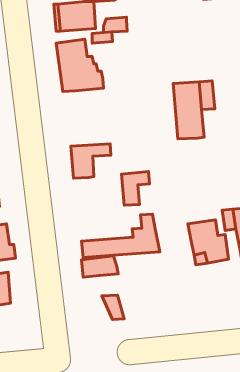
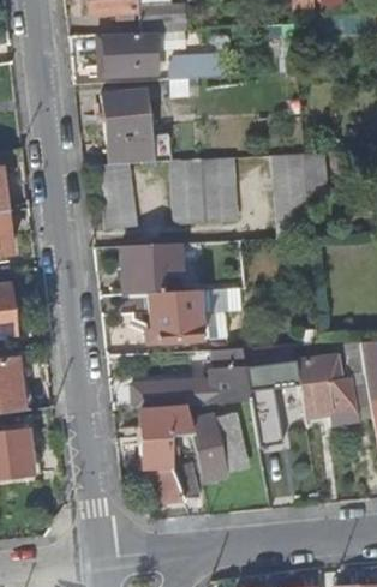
building: none -> [170,156,239,223]
building: none -> [98,163,136,229]
building: none -> [149,286,201,335]
building: none -> [246,359,299,449]
building: none -> [190,417,233,483]
building: none -> [140,435,184,502]

